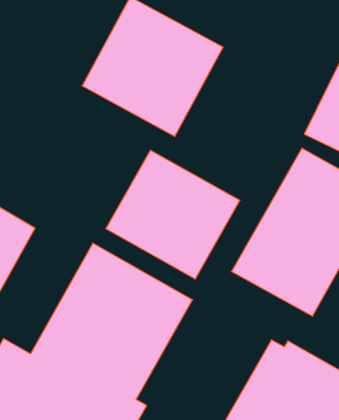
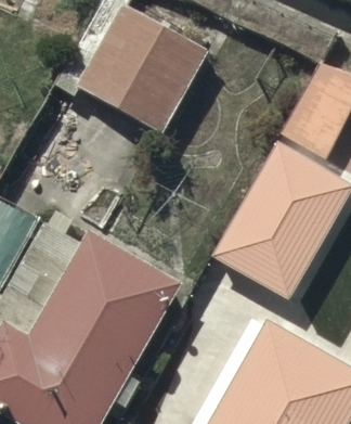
building: [106,150,240,279] -> none

